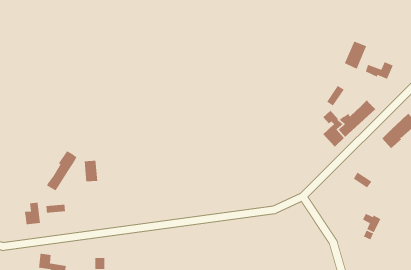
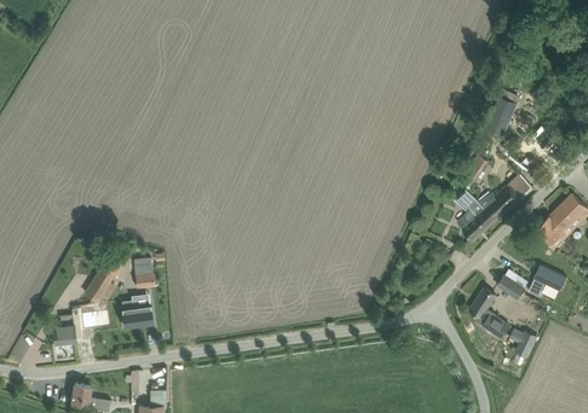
building: [365,61,394,80] -> none
building: none -> [528,264,565,296]
building: none -> [468,287,511,337]
building: none -> [121,301,152,327]

